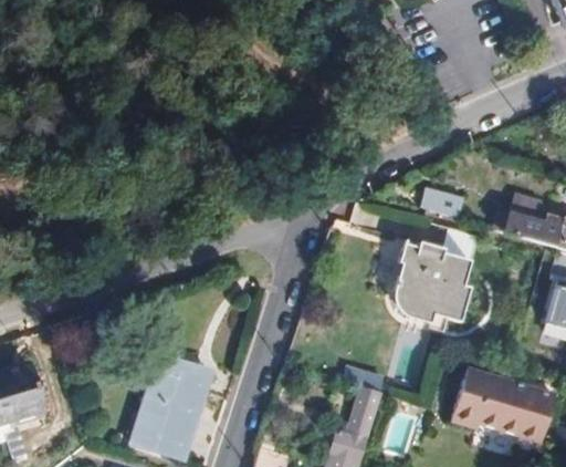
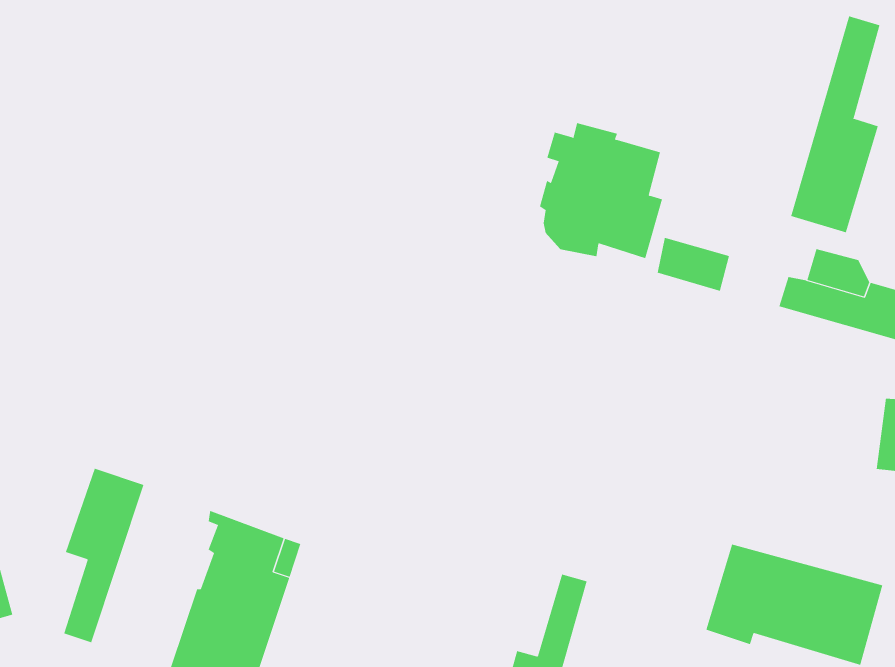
building: none -> [790,16,880,233]
building: [397,241,470,322] -> [539,122,663,259]
building: none -> [63,468,144,643]

